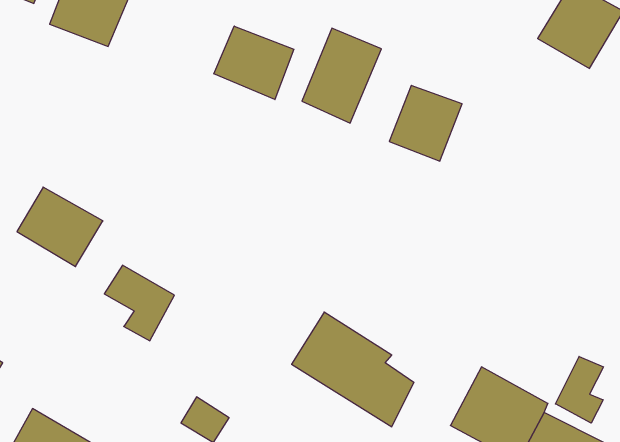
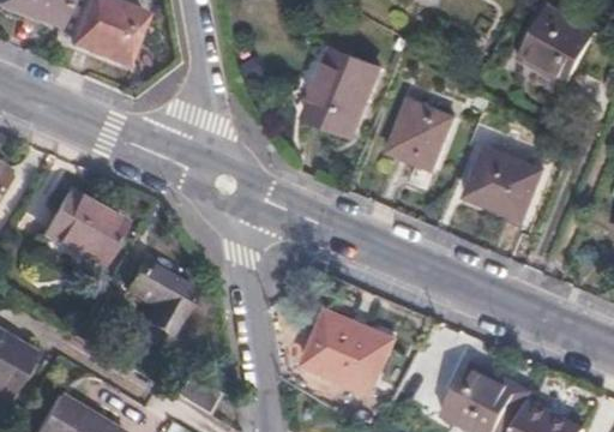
building: [214,26,294,100] -> none
building: none -> [468,146,542,217]
building: [555,356,603,423] -> none

